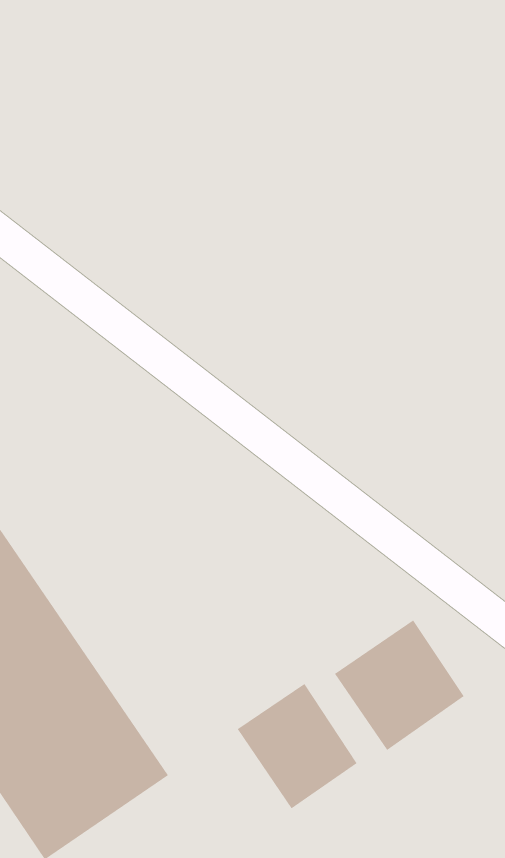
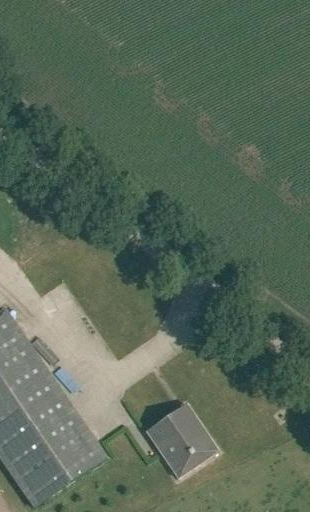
building: [334,620,465,751] -> none

